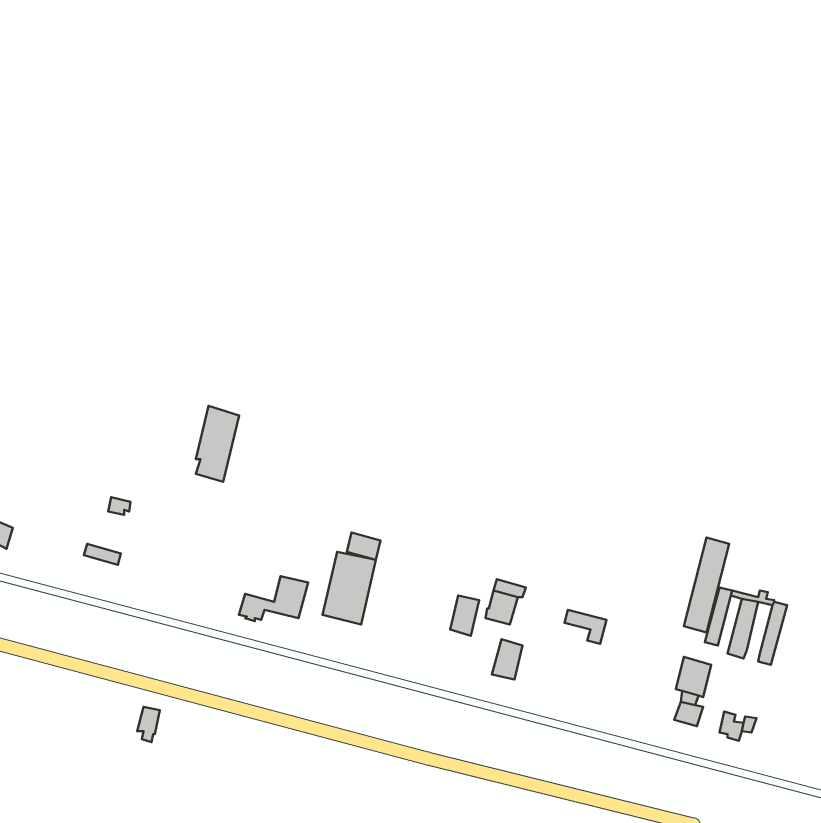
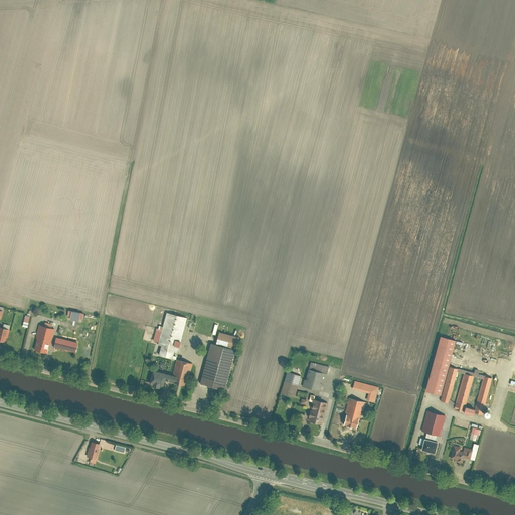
building: [196,406,239,482] -> [158,313,185,360]
building: none -> [33,326,53,354]
building: none -> [342,398,363,428]

